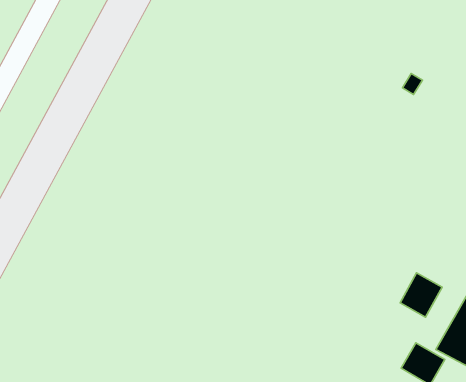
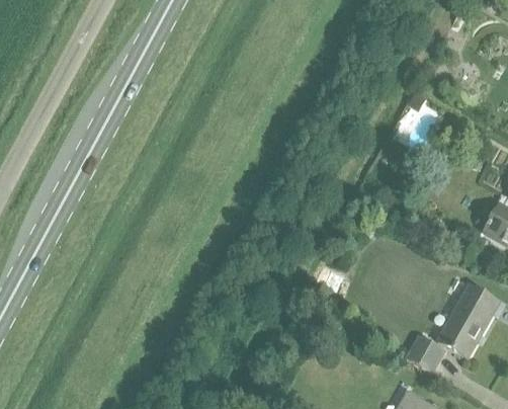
building: [400,273,442,317] -> none

